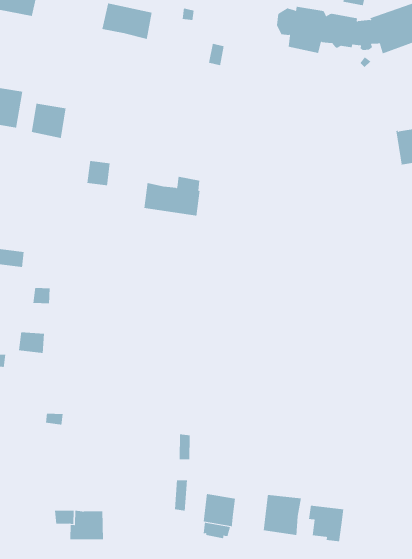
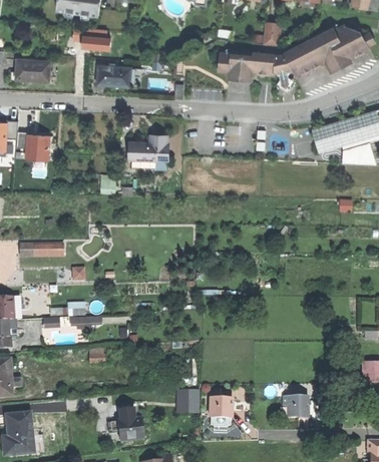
building: [31,103,66,139] -> none
building: [144,176,201,216] -> [130,135,168,161]
building: [263,494,301,536] -> none

